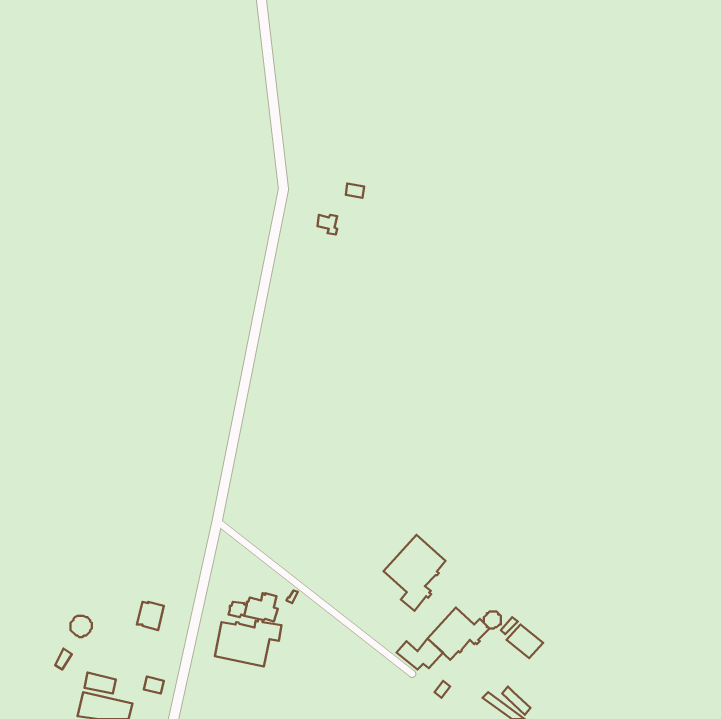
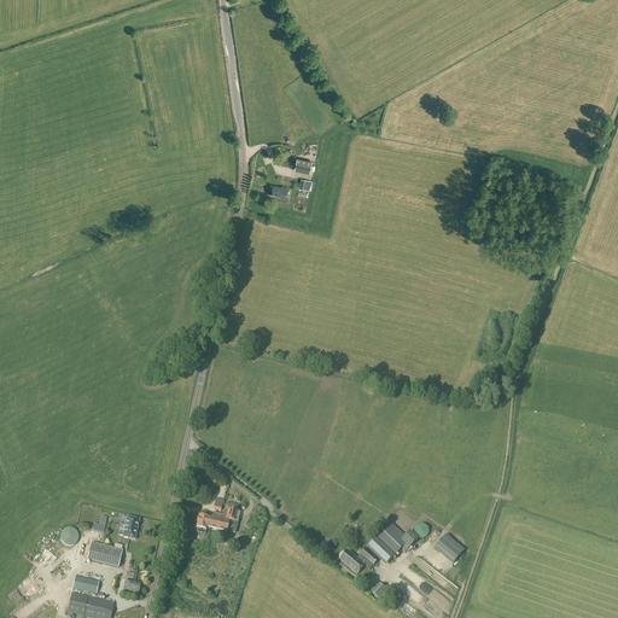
building: [383,535,446,611] -> none
building: [215,619,281,667] -> none
building: none -> [87,541,123,566]

